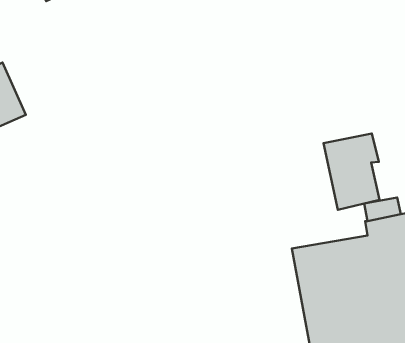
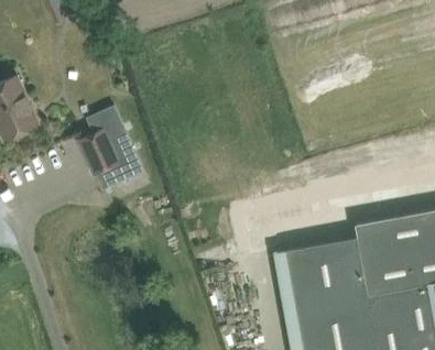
building: none -> [78,108,144,182]
building: [323,134,380,210] -> none

